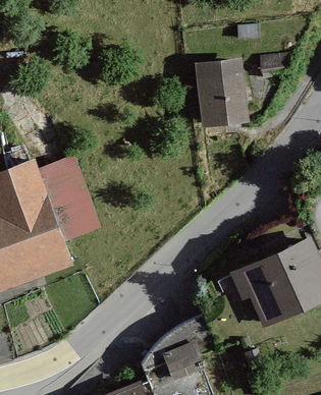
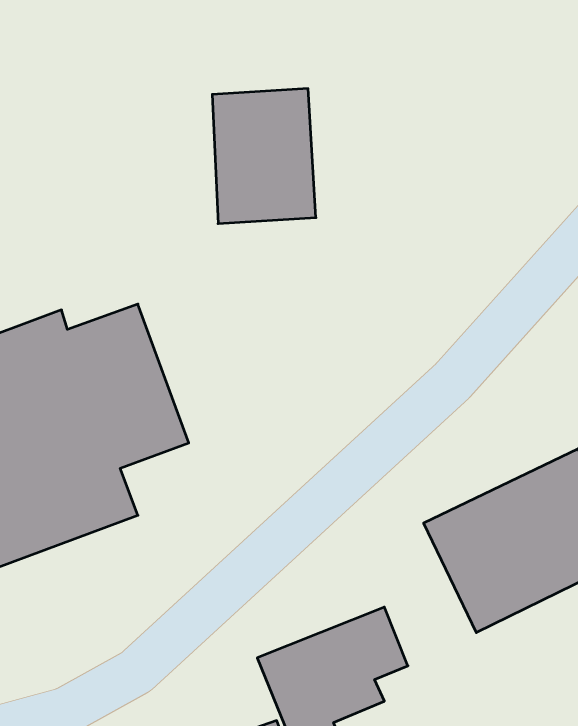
building: [183,58,237,128] -> [212,89,316,224]

